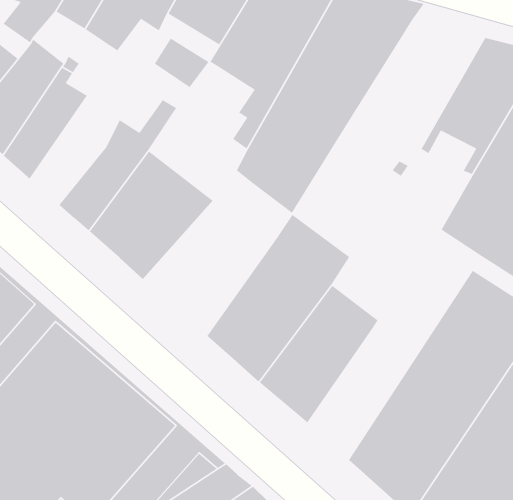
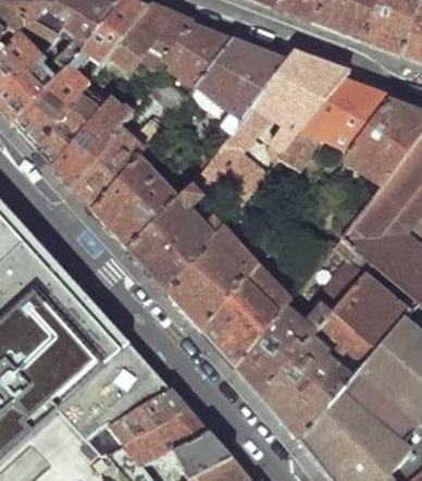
building: none -> [281,84,393,174]
building: none -> [53,99,136,187]
building: none -> [126,177,226,294]
building: none -> [233,237,372,395]

